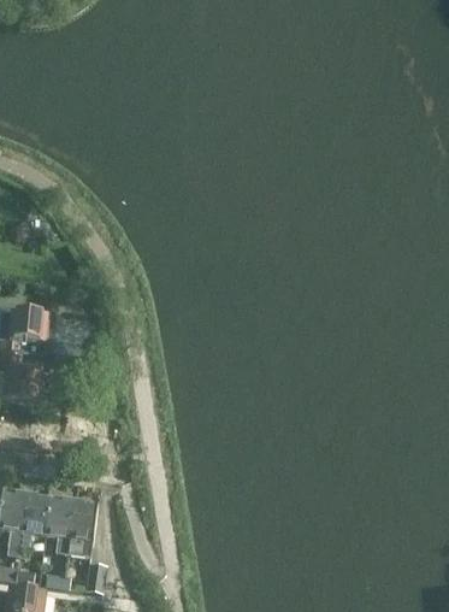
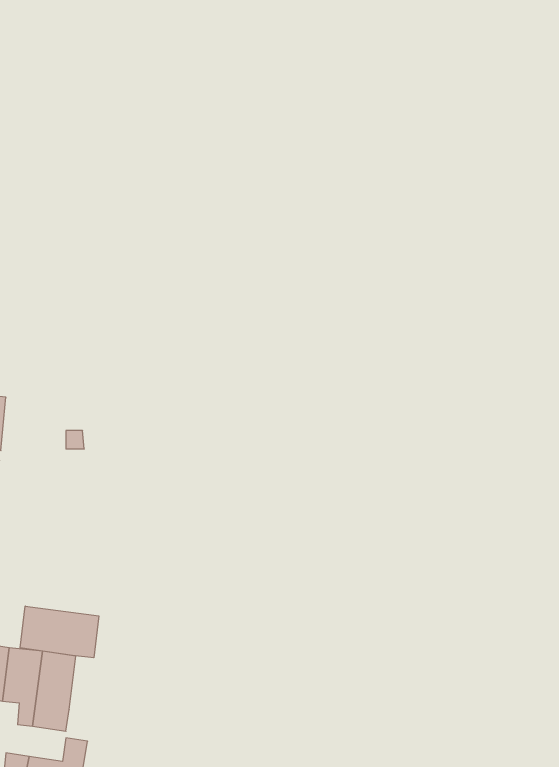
building: none -> [20,606,99,658]

